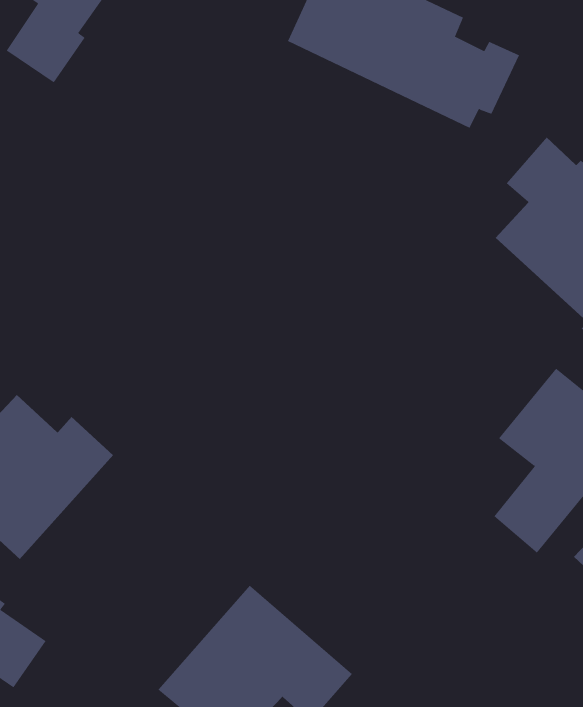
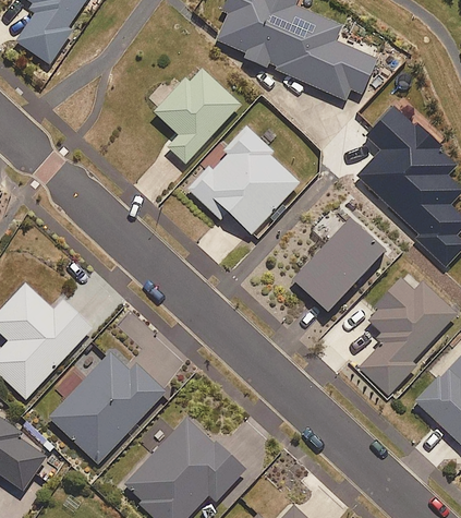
building: none -> [145,61,236,161]
building: none -> [185,124,296,232]
building: none -> [293,218,386,312]
building: none -> [48,351,165,466]

